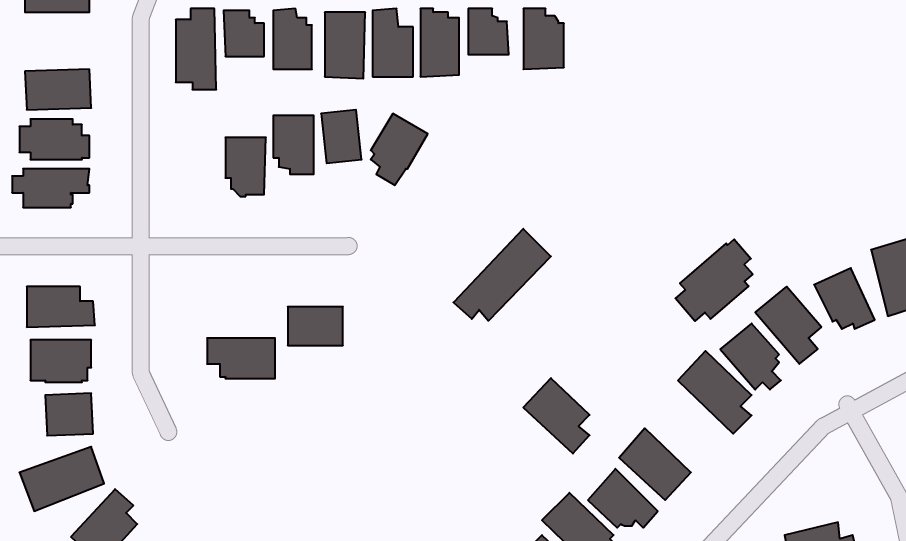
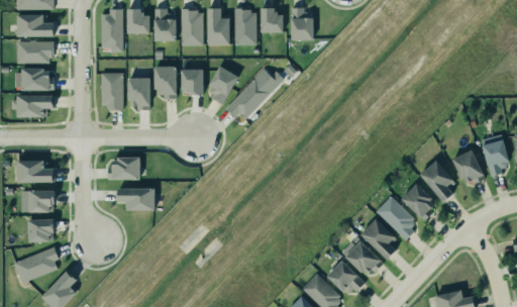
building: none -> [17,13,55,36]
building: none -> [100,72,122,110]
building: [453,229,551,321] -> [224,68,278,118]
building: [675,239,753,321] -> none
building: [288,307,343,345] -> [110,158,140,179]
building: [523,378,590,454] -> [360,218,397,260]

